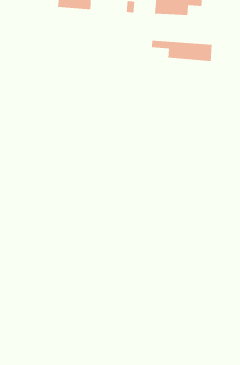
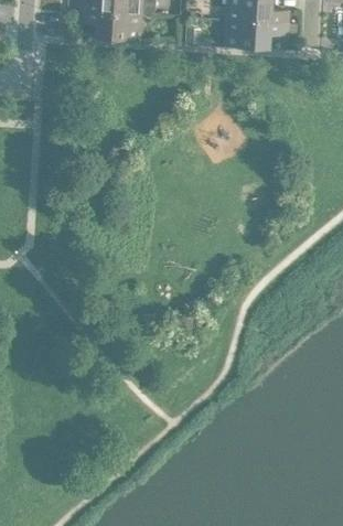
building: [151,40,212,62] -> none

